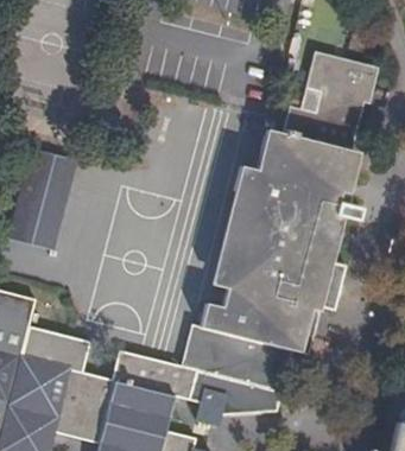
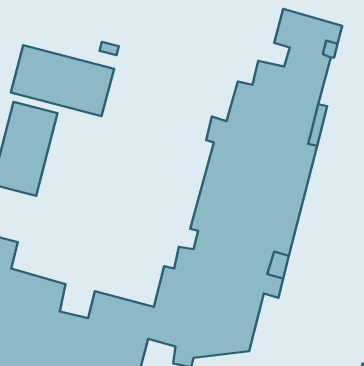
building: none -> [11,45,114,116]

